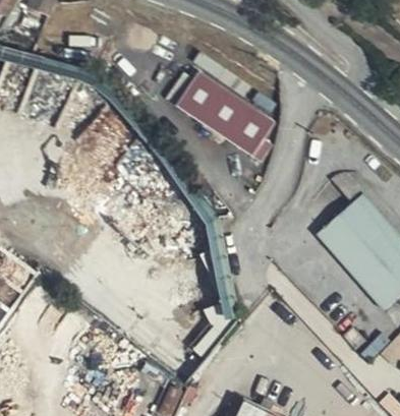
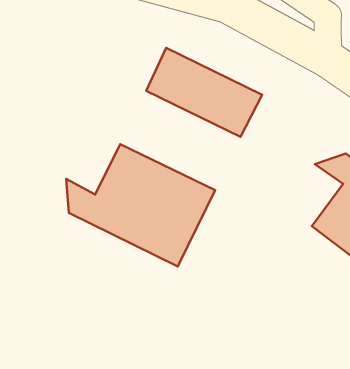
building: none -> [66,144,215,266]

